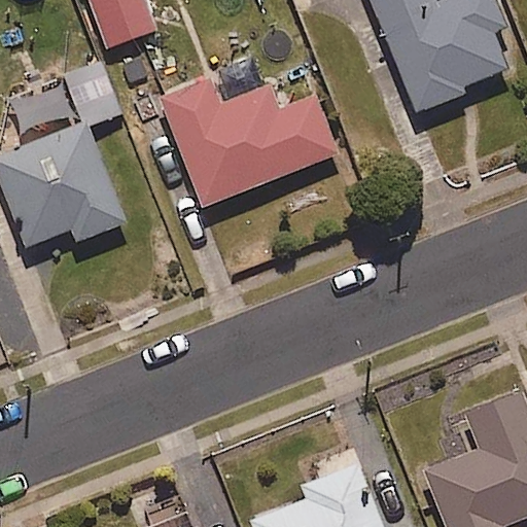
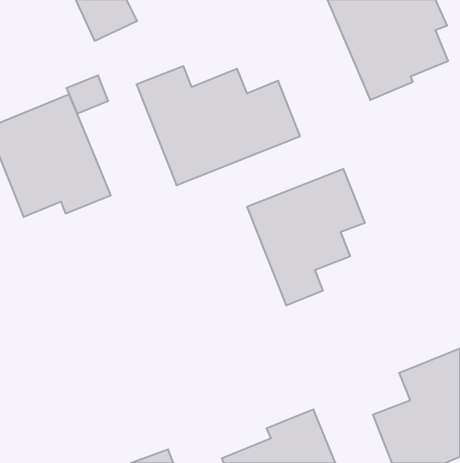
building: none -> [247,169,365,306]

